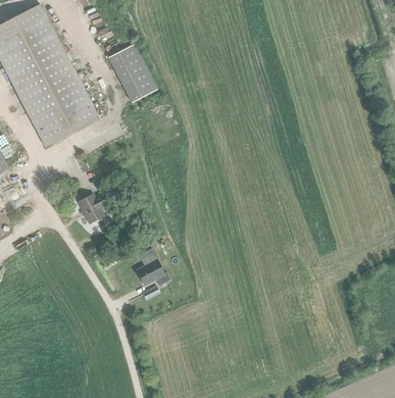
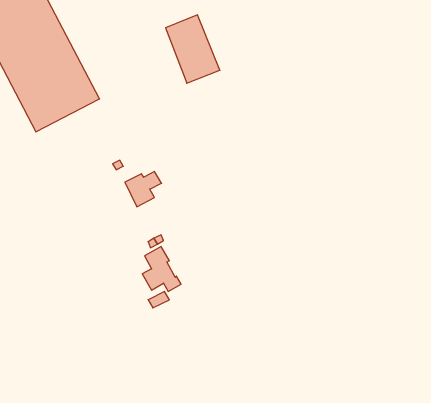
building: [107,41,154,100] -> [166,15,220,83]
building: [79,192,110,222] -> [125,171,162,207]

